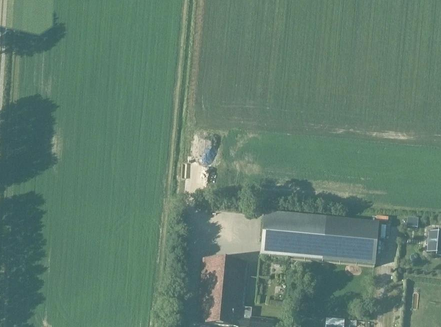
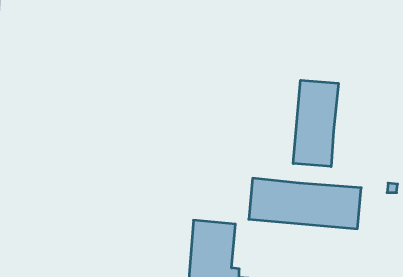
building: none -> [293,80,338,167]

